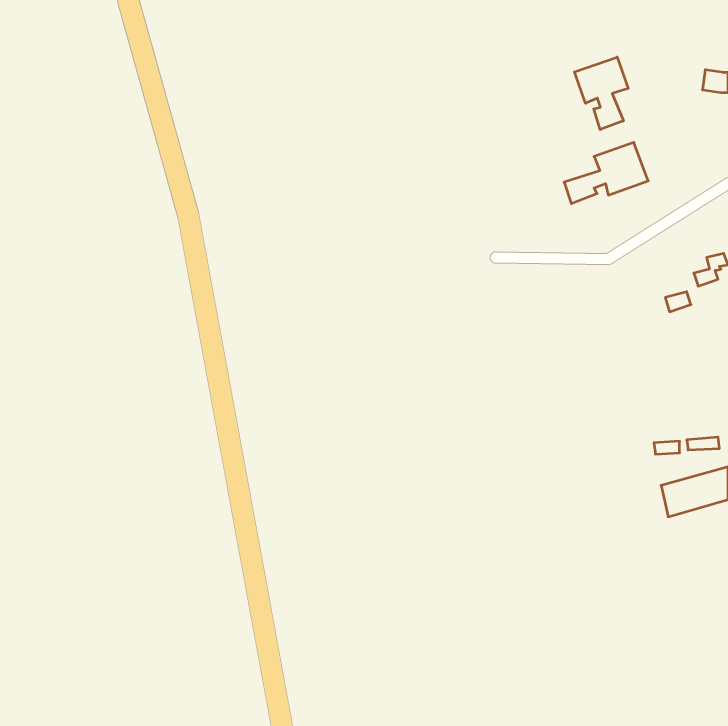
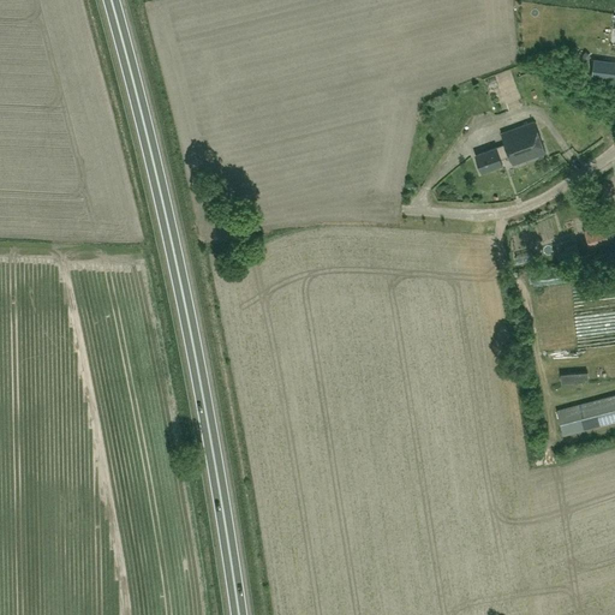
building: [574,57,628,130] -> none

